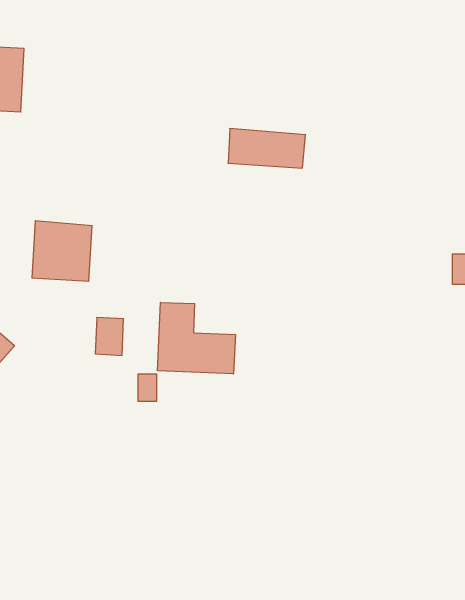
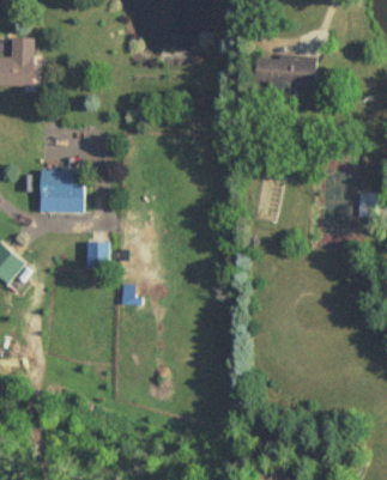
building: [228,129,306,168] -> [256,56,315,86]
building: [158,302,235,374] -> none

